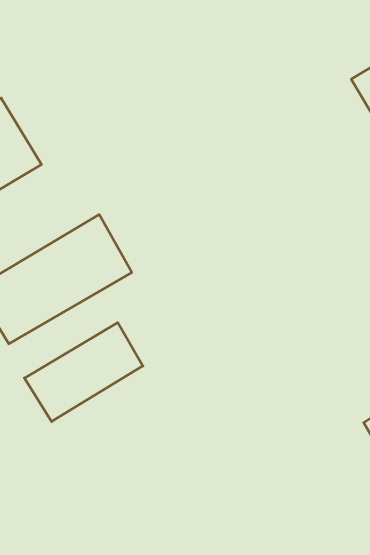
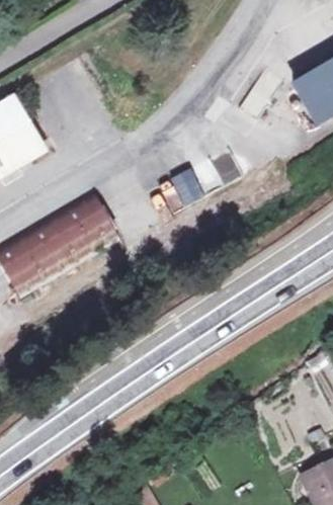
building: [24,323,143,422] -> none

